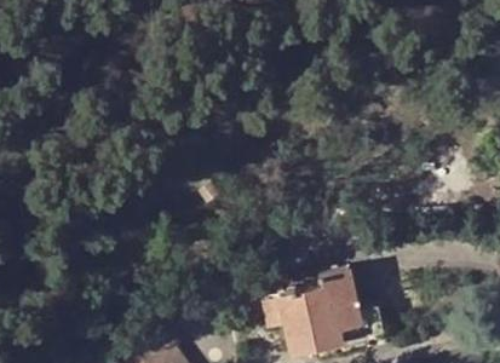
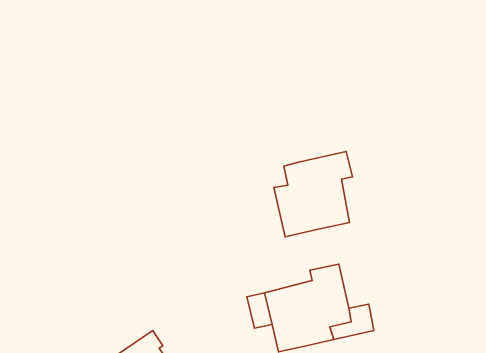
building: none -> [274,151,352,237]

